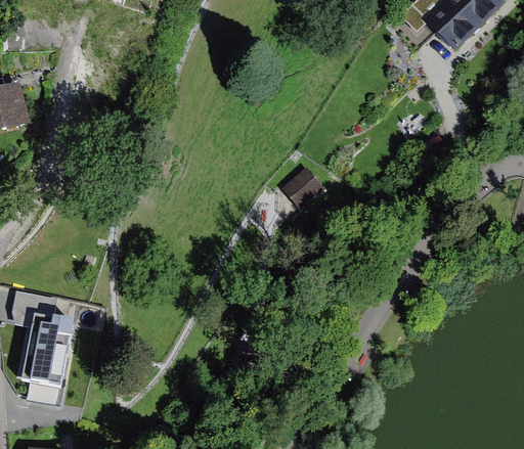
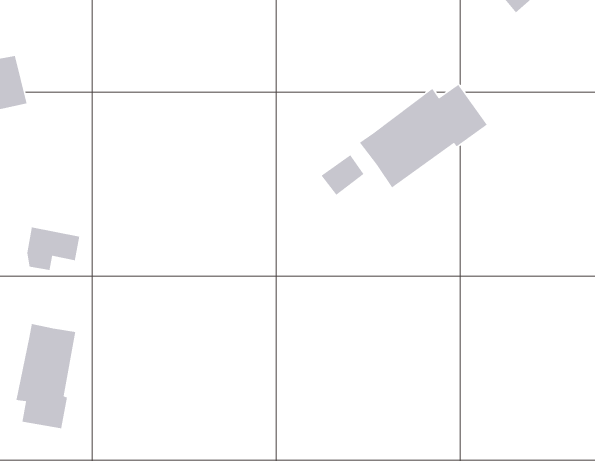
building: none -> [359,84,488,188]
building: [11,288,57,326] -> [26,227,80,271]

